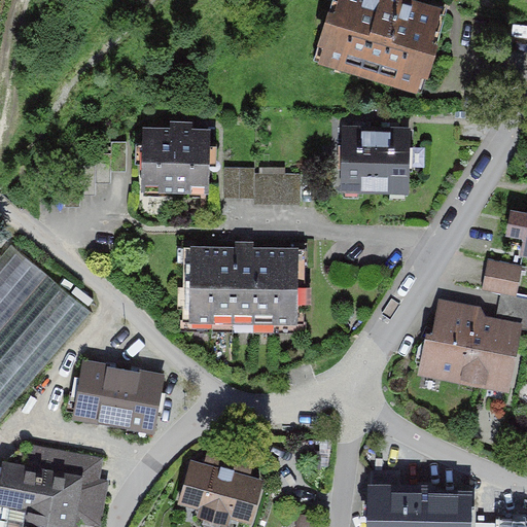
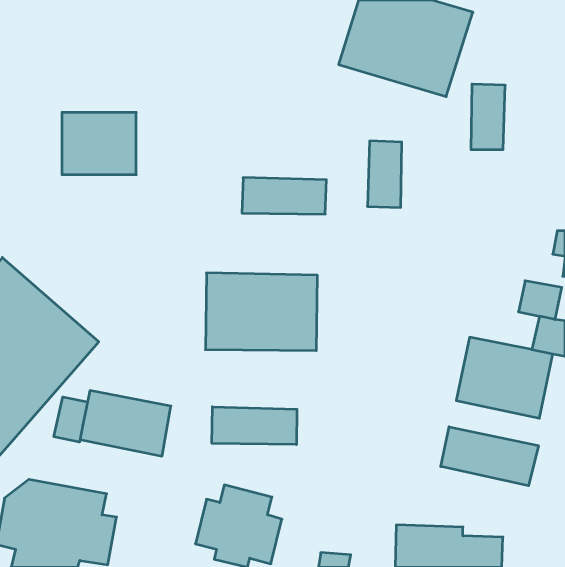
building: [141,131,210,188] -> [62,112,136,175]
building: [372,132,403,192] -> [471,84,505,150]
building: none -> [54,397,88,442]
building: none -> [212,407,297,445]
building: none -> [441,427,538,486]

